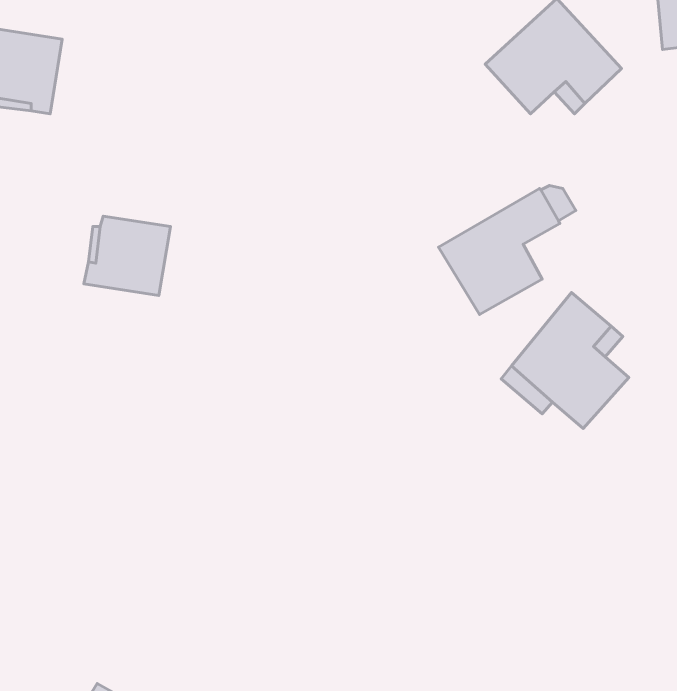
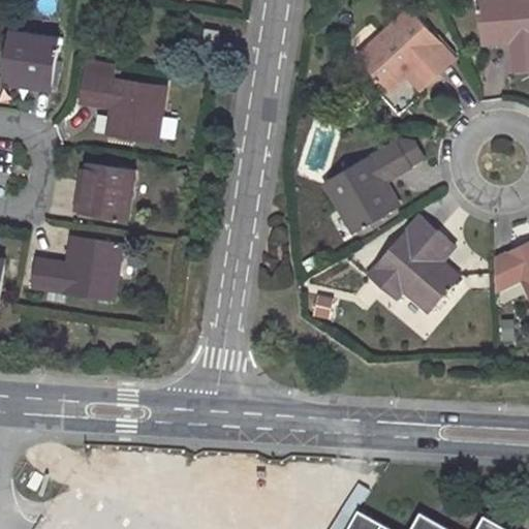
building: none -> [81,73,165,142]
building: none -> [32,237,121,301]

